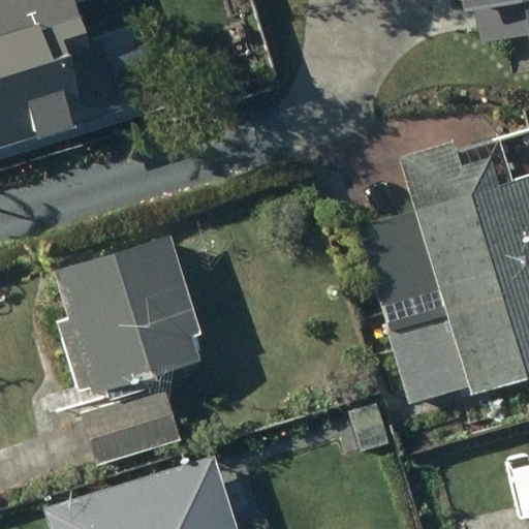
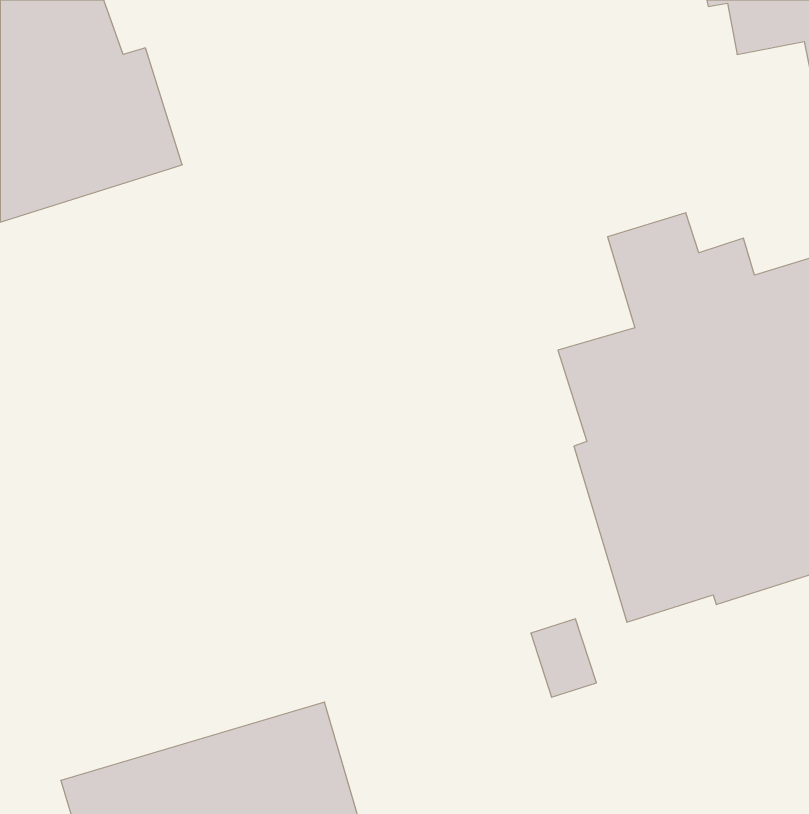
building: [56,238,200,465] -> none

